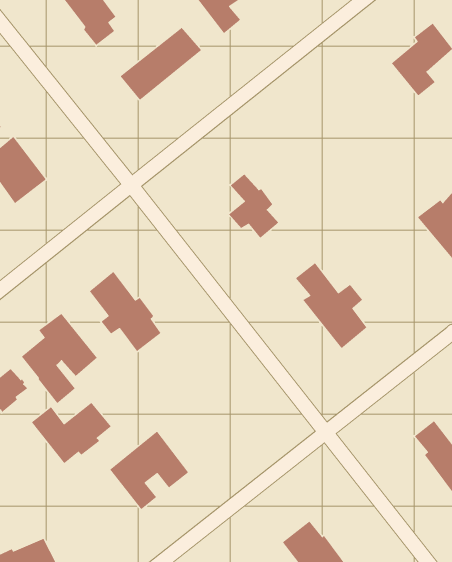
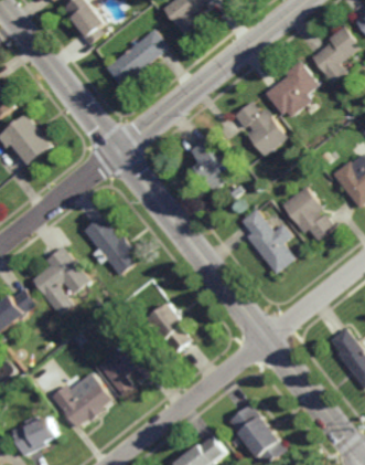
building: none -> [264,62,318,117]
building: none -> [232,101,286,157]
building: none -> [278,187,332,242]
building: none -> [147,304,190,355]
building: [31,402,112,464] -> [49,382,110,430]

